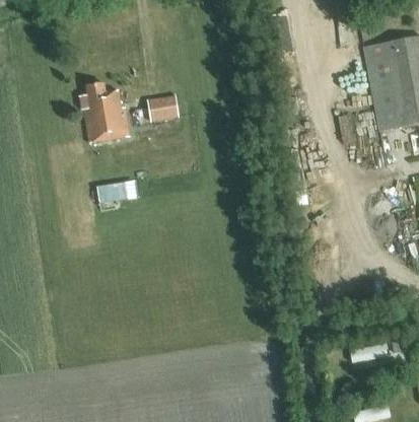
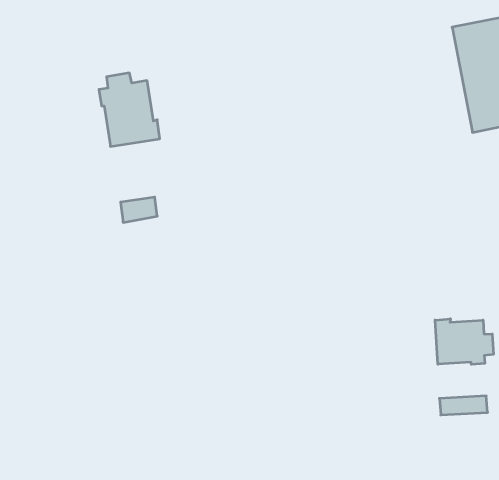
building: [148,95,179,121] -> none
building: none -> [435,319,493,364]

